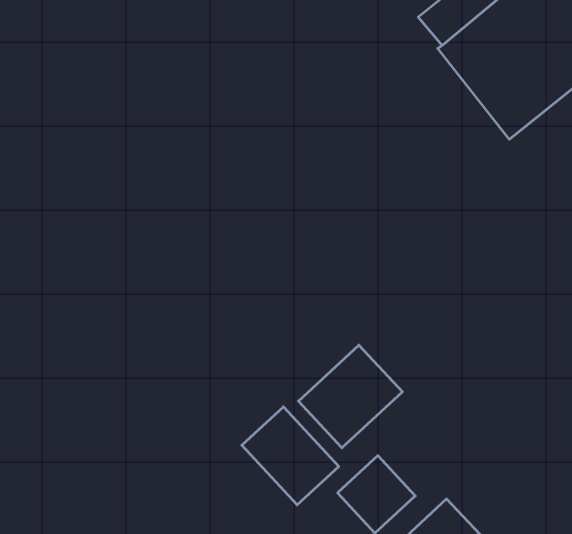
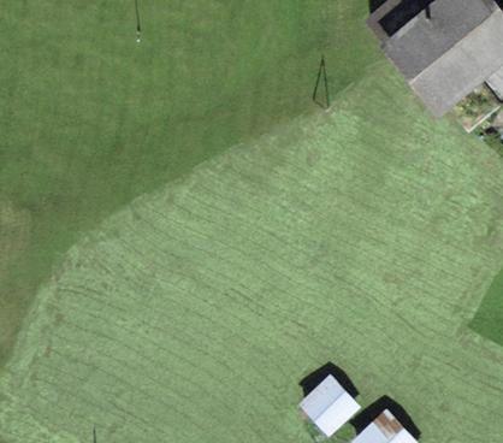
building: [298,345,402,448] -> none
building: [242,407,339,505] -> none

